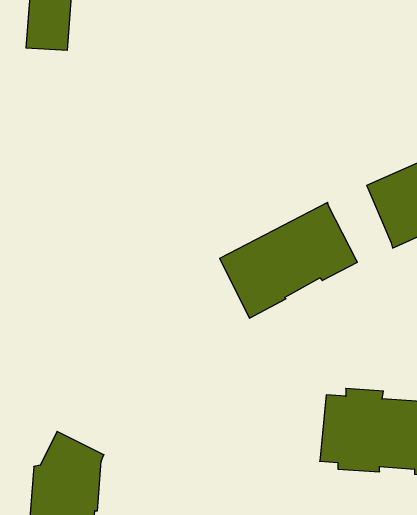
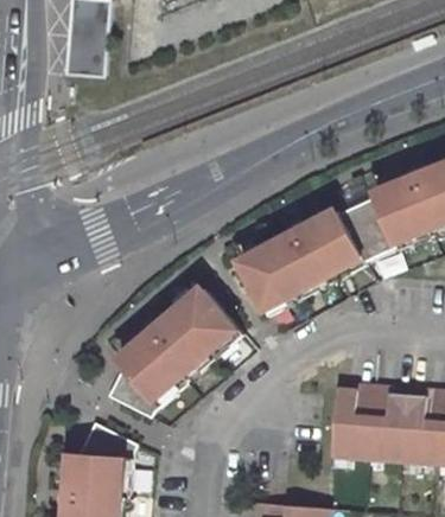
building: none -> [337,199,394,264]
building: none -> [102,288,240,416]

